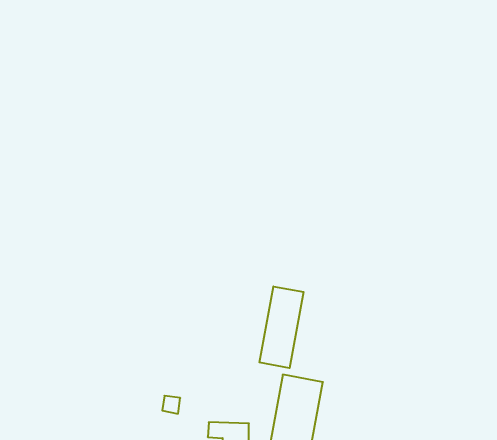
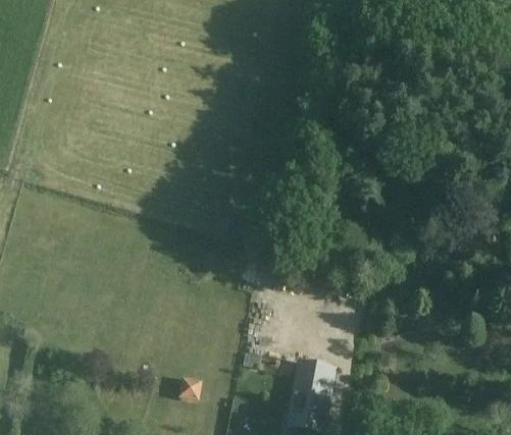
building: [259,286,304,368] -> none

